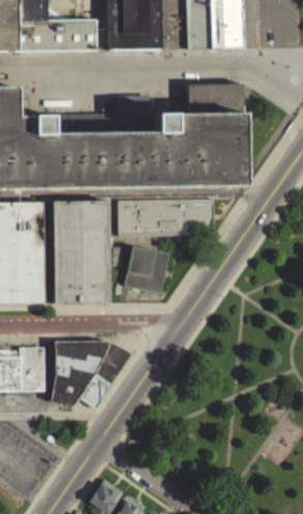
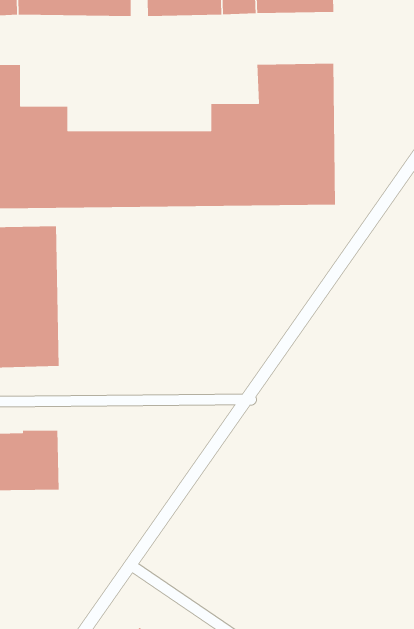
building: [52,199,111,303] -> none
building: [116,199,215,235] -> none
building: [125,244,171,293] -> none
building: [51,339,131,409] -> none

